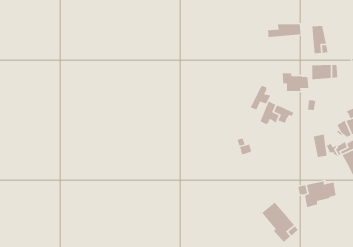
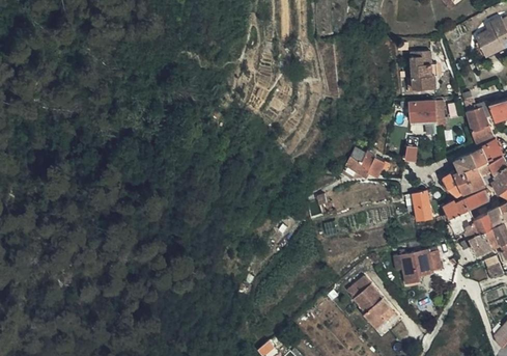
building: [267,23,302,38] -> none
building: [282,73,309,92] -> none
building: [250,85,271,110] -> none

